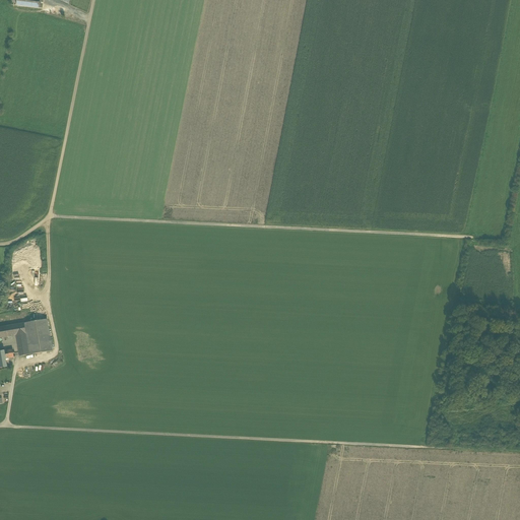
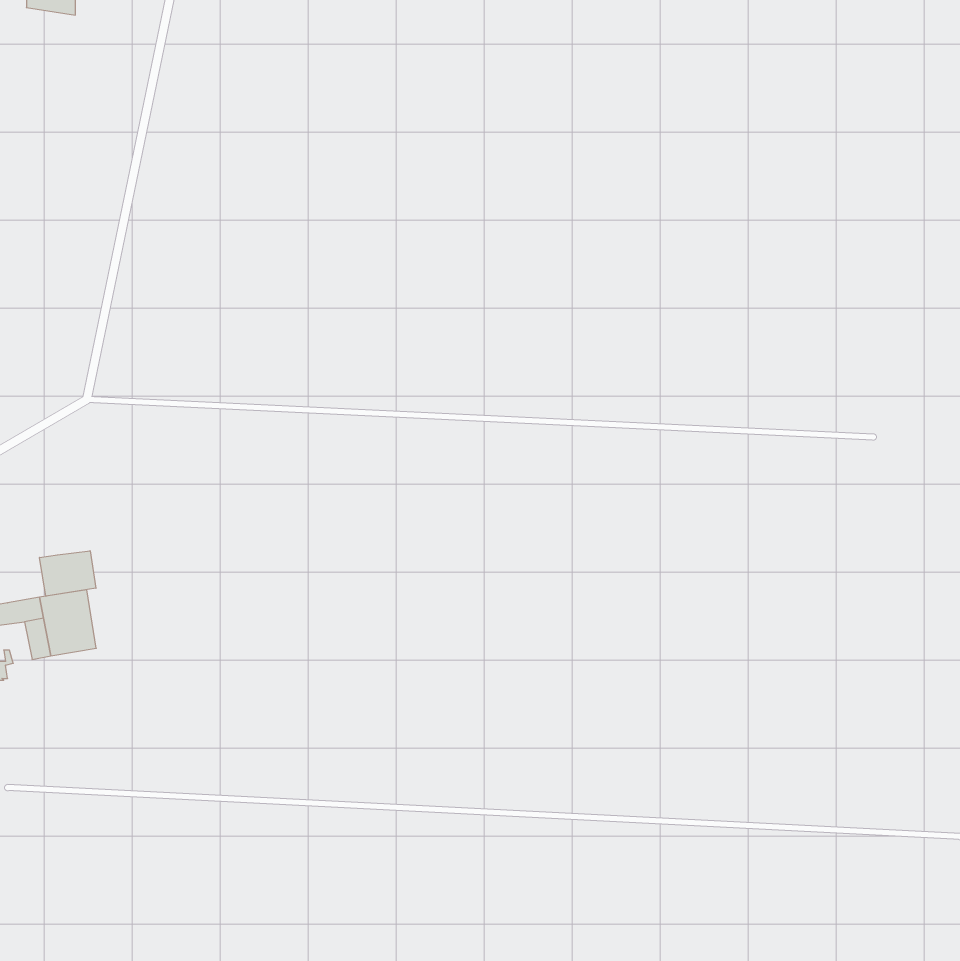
building: none -> [40,551,96,596]

